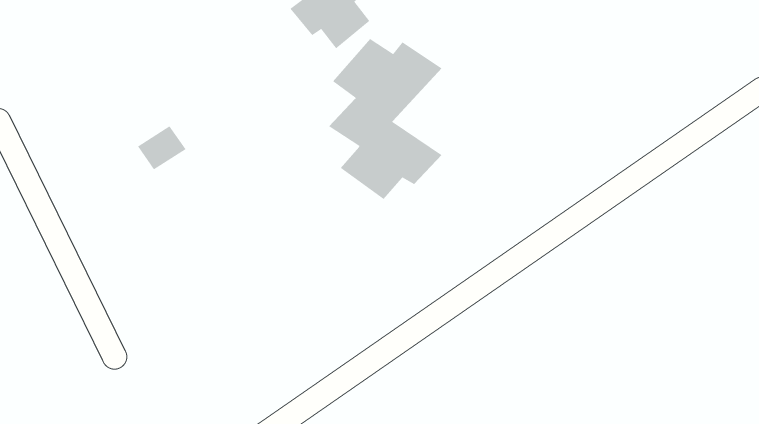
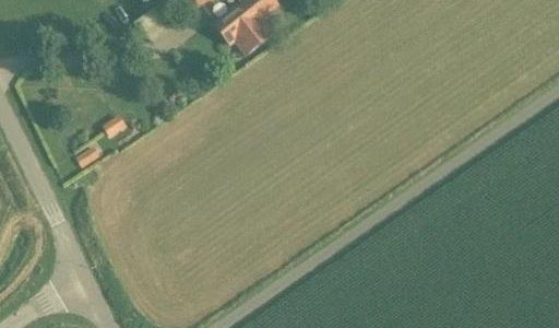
building: [328,38,443,200] -> none

